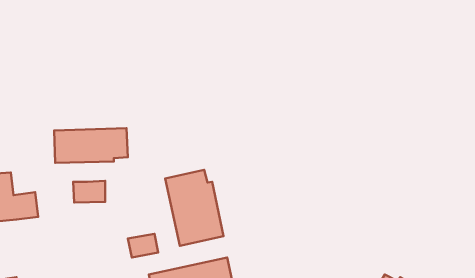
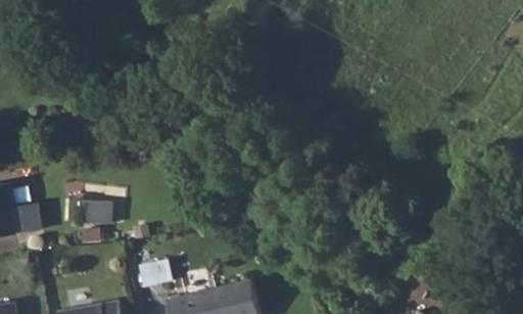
building: [54,128,128,163] -> none
building: [165,170,224,246] -> none

